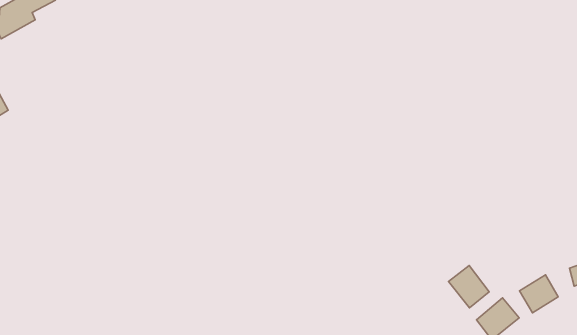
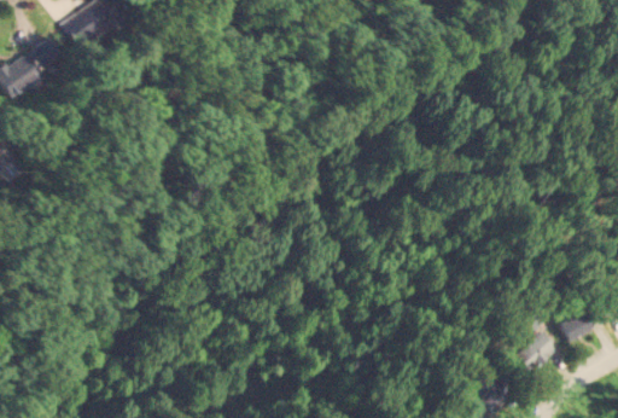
building: [449,266,489,308] -> none

